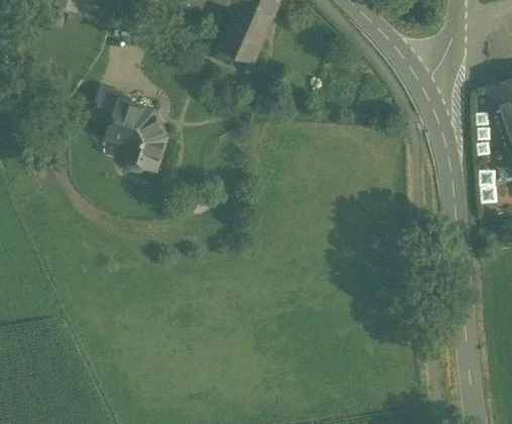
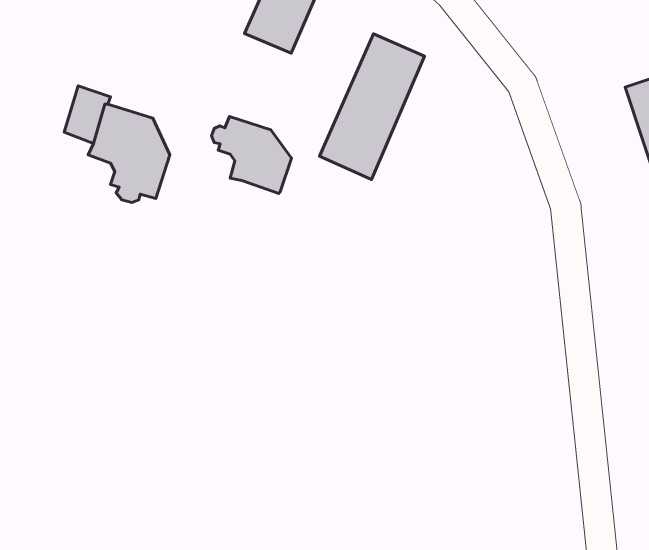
building: none -> [319,34,425,180]
building: none -> [211,117,291,193]

